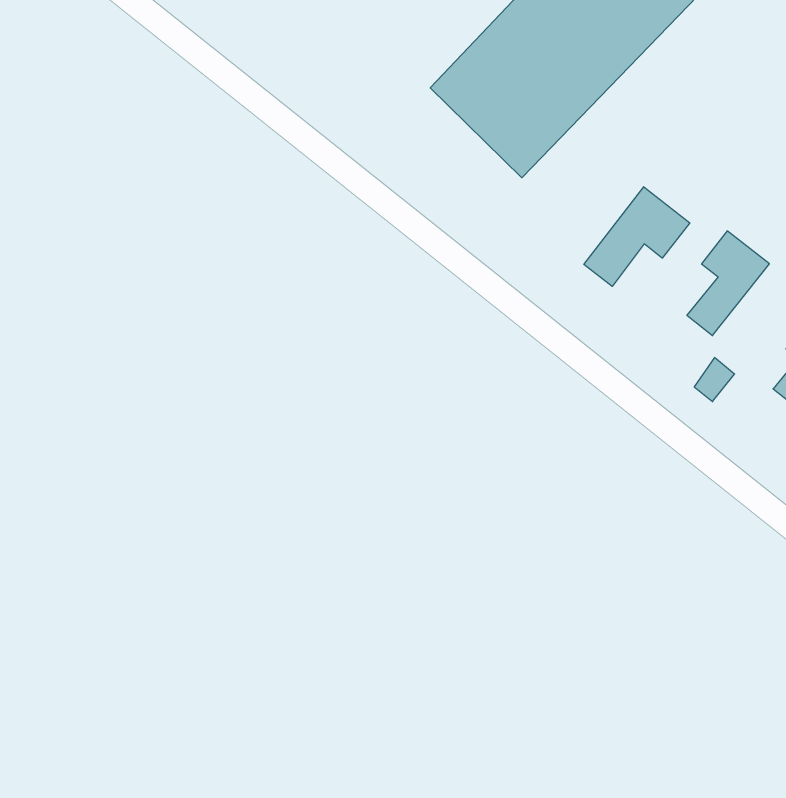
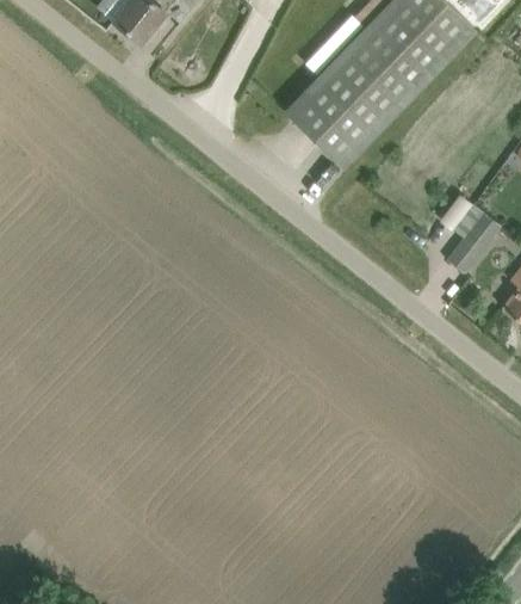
building: [584,187,690,286] -> none

